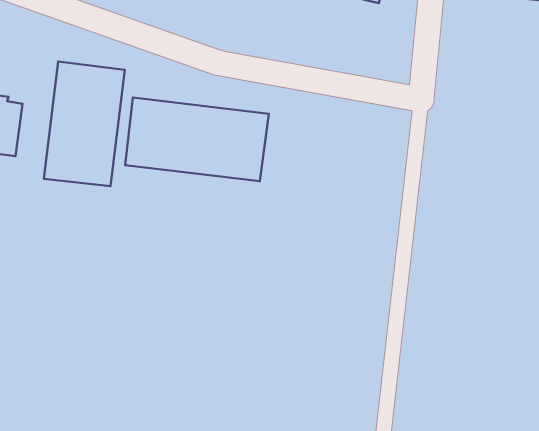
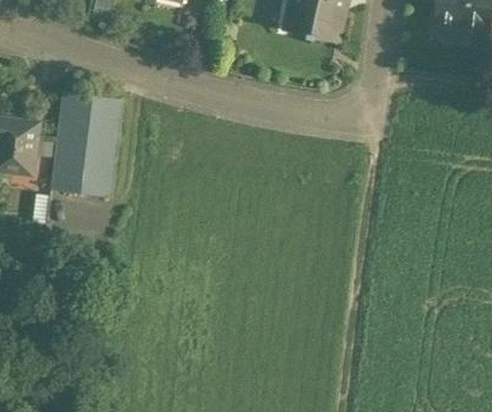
building: [125,97,269,181] -> none

